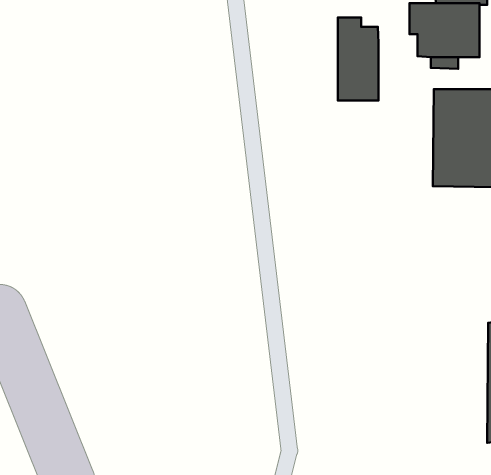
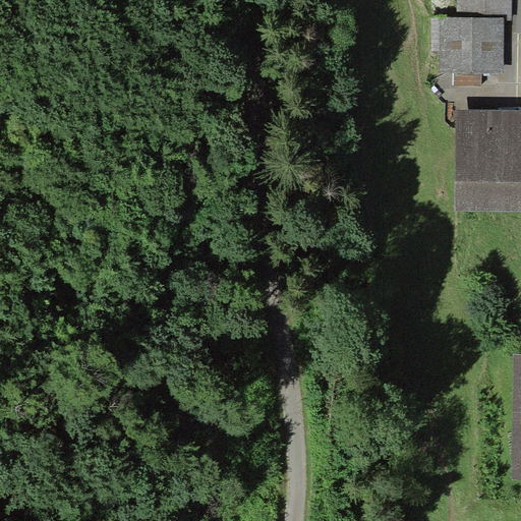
building: [338,18,379,100] -> none

